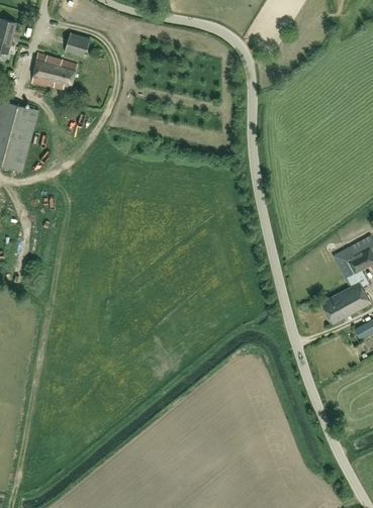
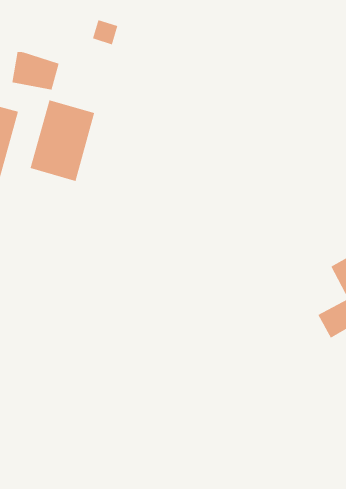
building: [64,32,88,57] -> [92,19,118,45]
building: none -> [30,99,95,182]

